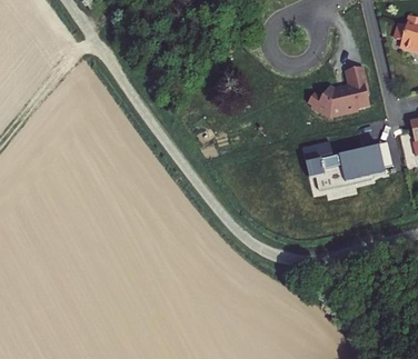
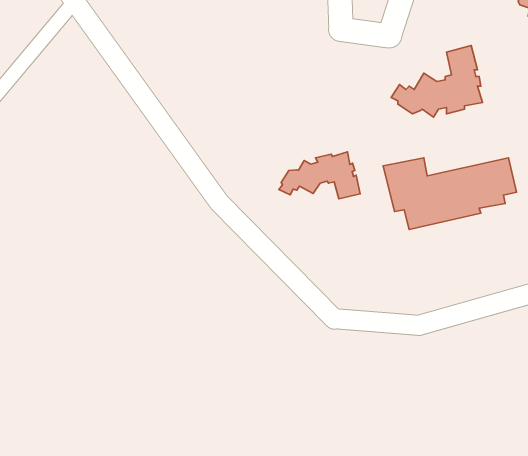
building: none -> [279,152,360,199]

